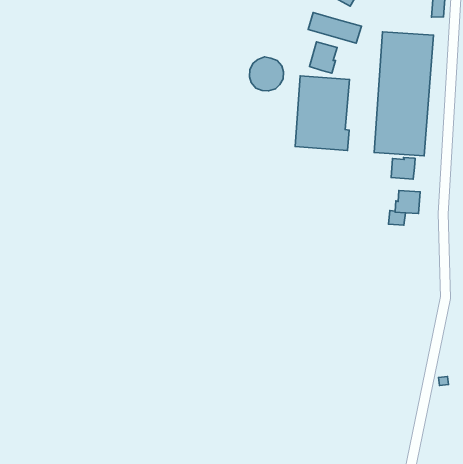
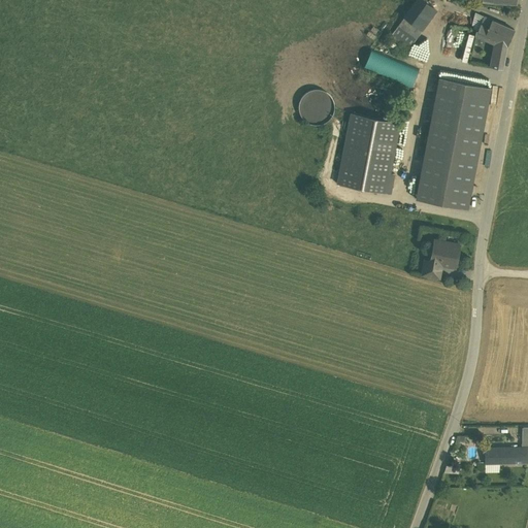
building: [310,42,337,73] -> none
building: [391,157,415,179] -> none

